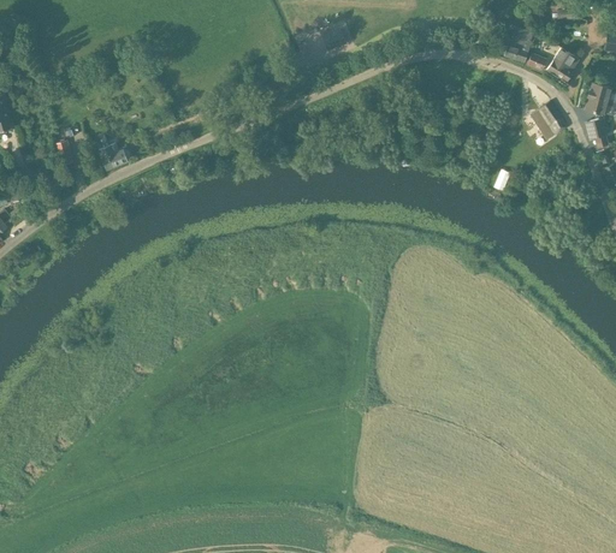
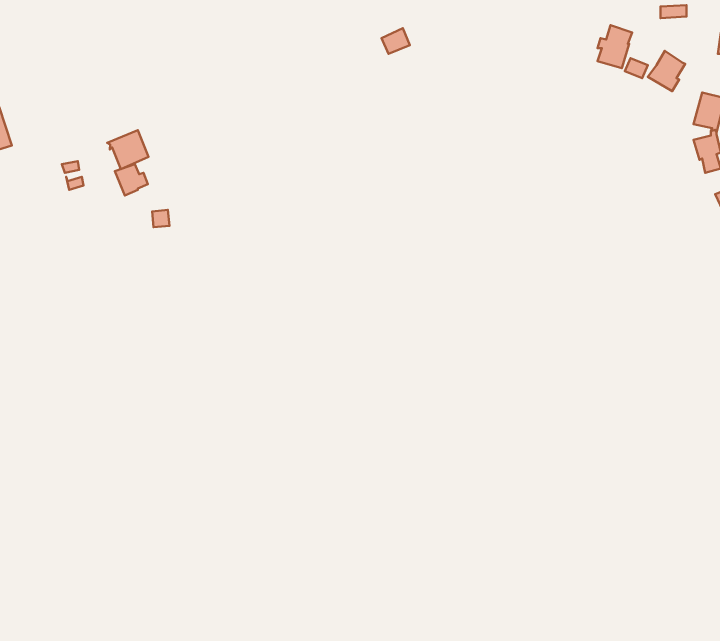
building: [533,101,565,133] -> none
building: none -> [107,130,149,169]

